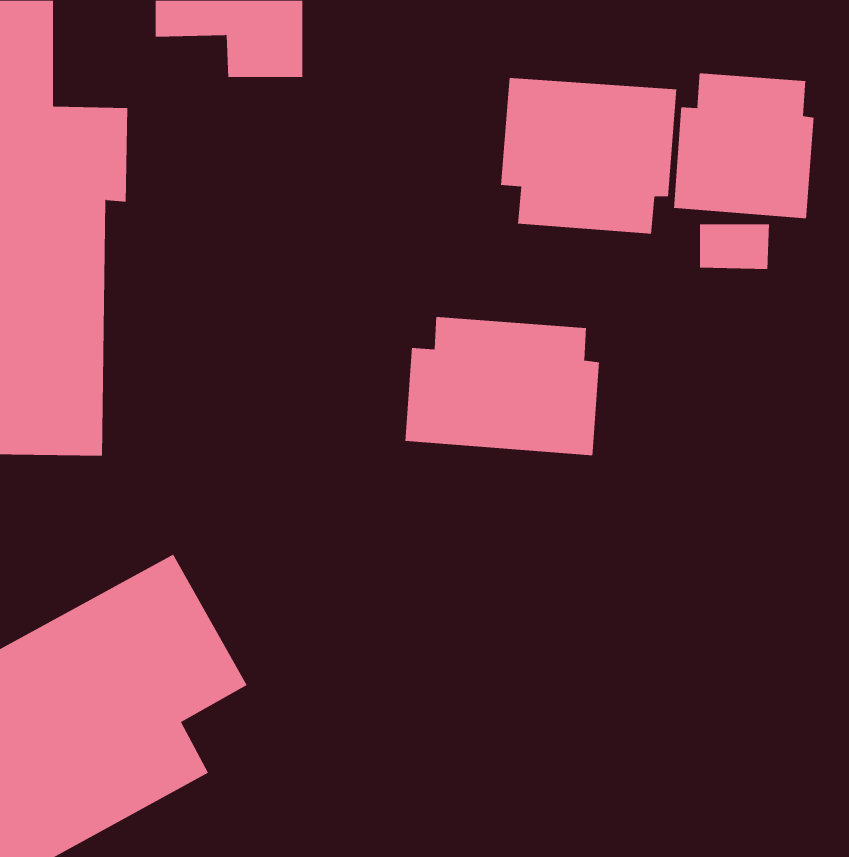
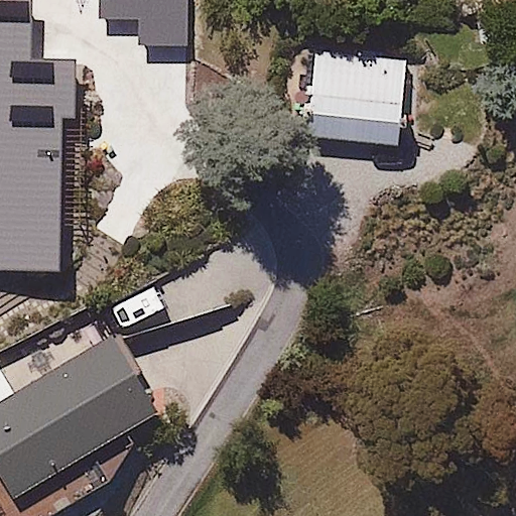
building: [673,72,814,219] -> none
building: [405,316,600,456] -> none

